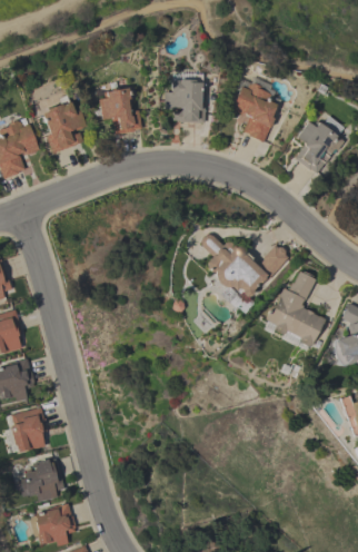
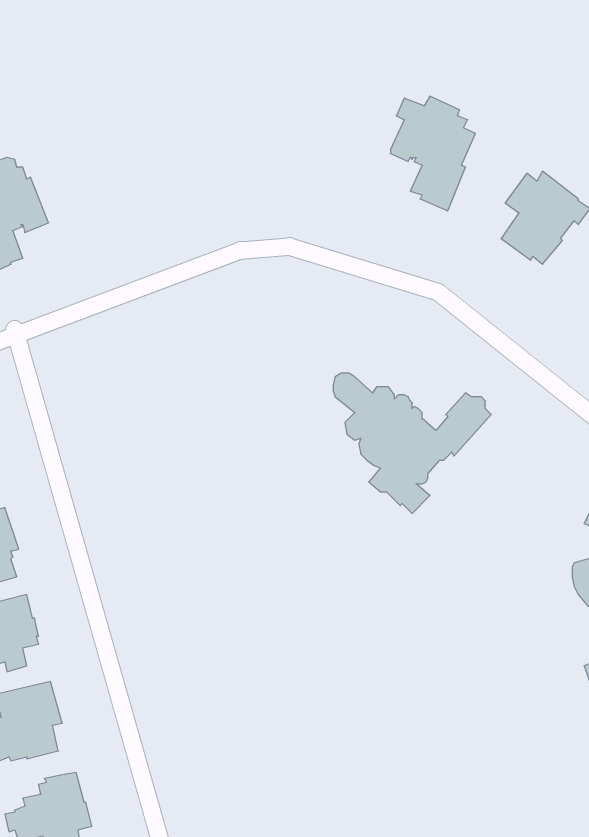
building: [165,72,208,122] -> none
building: [99,88,142,135] -> none
building: [43,101,88,154] -> none
building: [263,270,326,351] -> none

